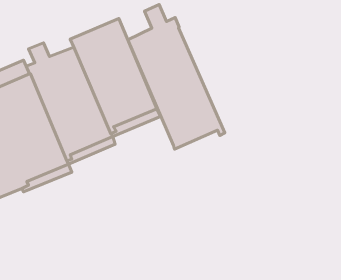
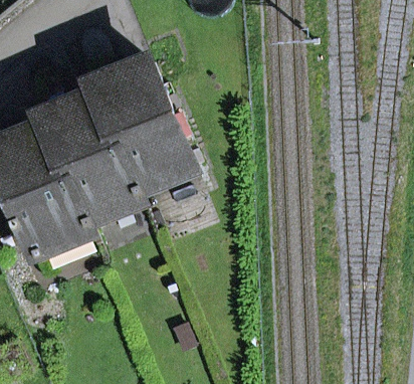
building: [128,5,225,149] -> none

